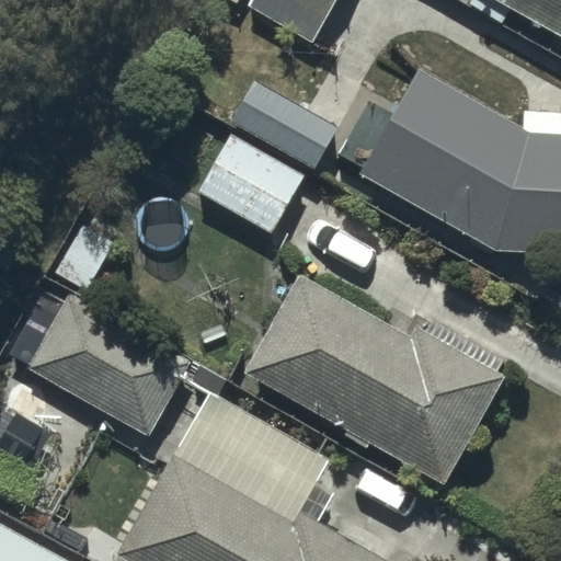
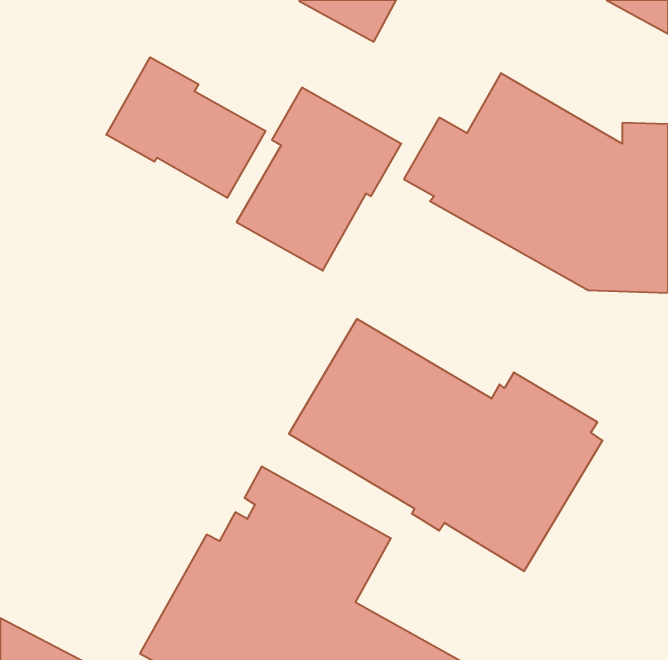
building: none -> [106,57,266,198]
building: [27,296,188,436] -> none

